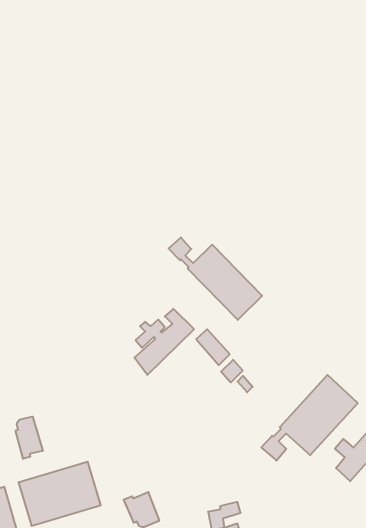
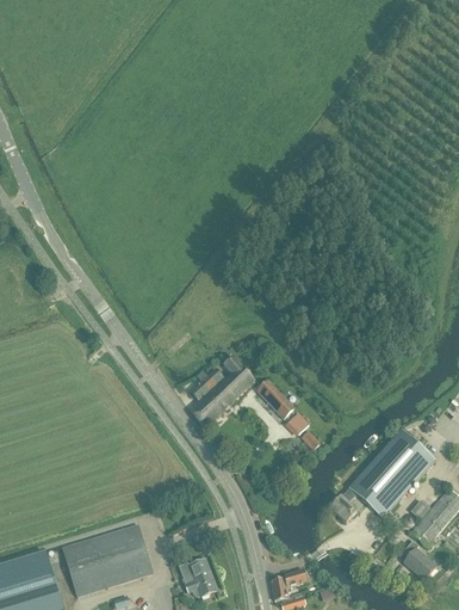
building: [169,237,262,320] -> none
building: [16,417,43,459] -> none
building: none -> [402,538,436,579]

